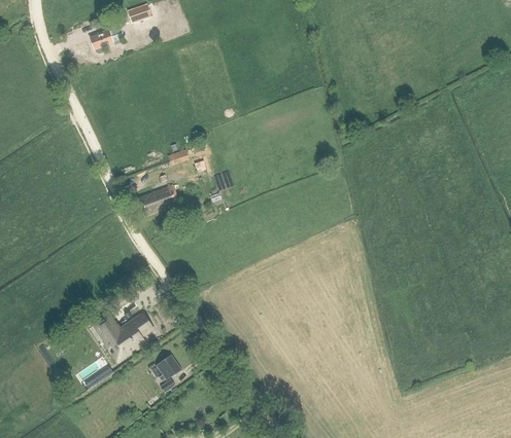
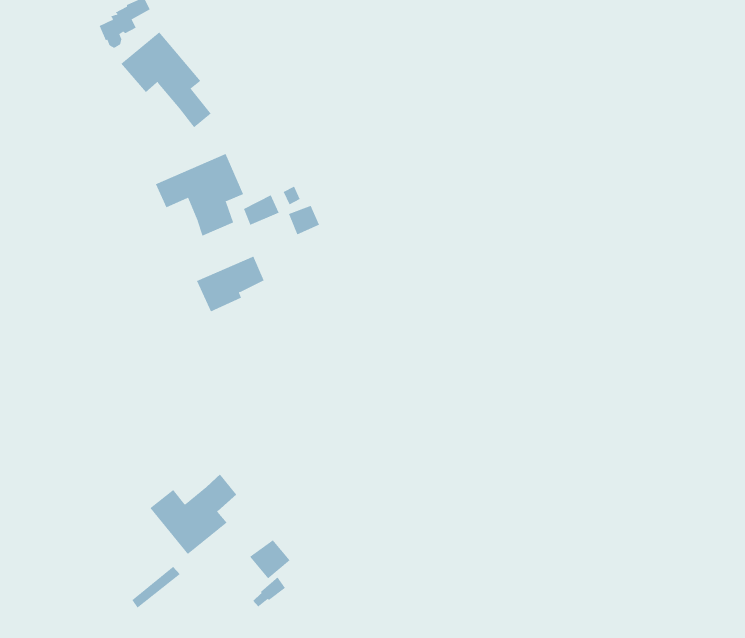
building: none -> [121,31,211,128]
building: none -> [155,153,244,236]

